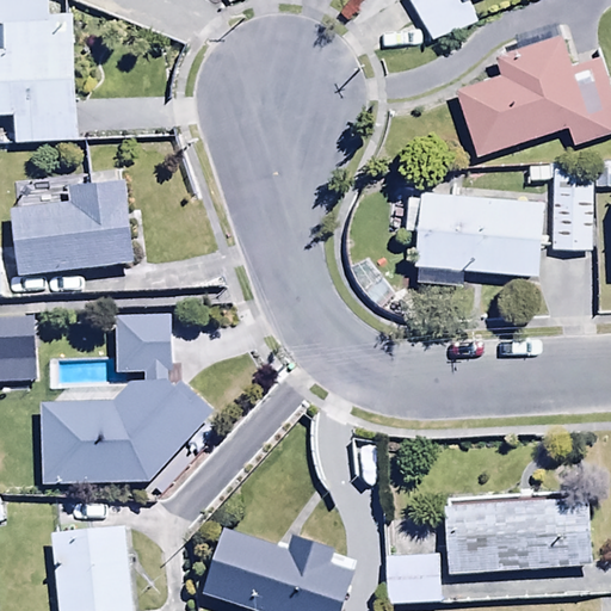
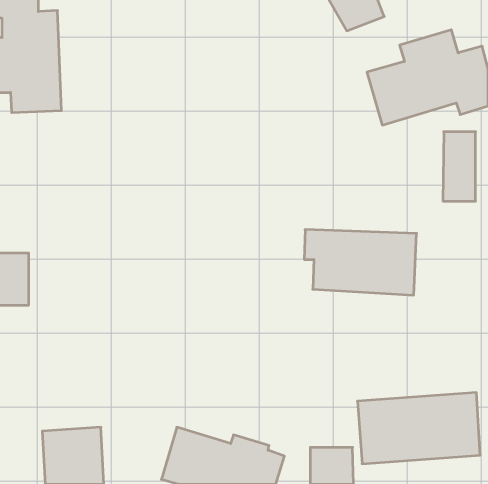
building: [11,177,134,274] -> none
building: [406,193,545,274] -> [304,230,417,295]
building: [42,316,210,485] -> none

